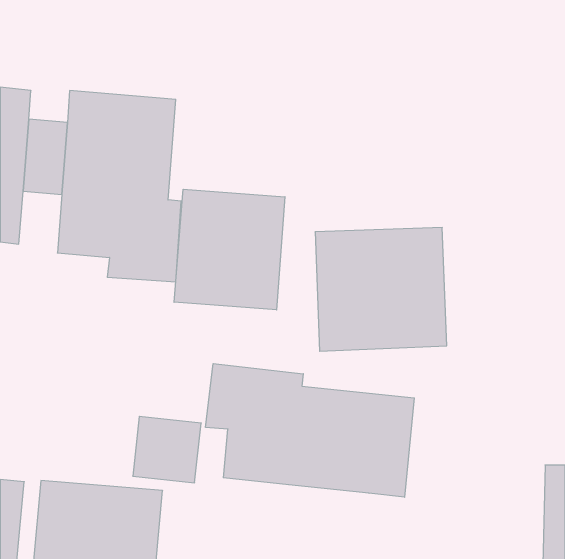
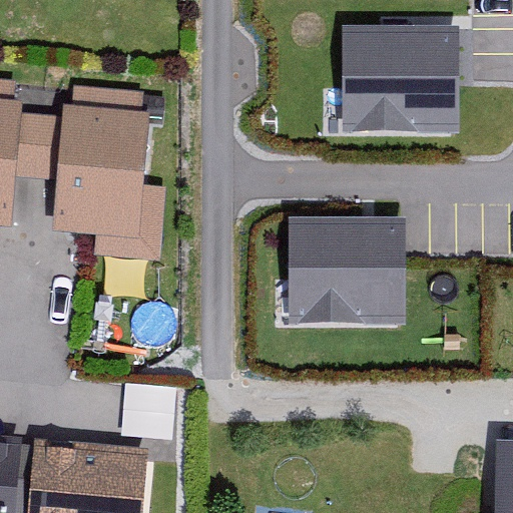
building: none -> [343,25,458,128]
building: [174,189,285,310] -> none
building: [206,364,414,497] -> none

